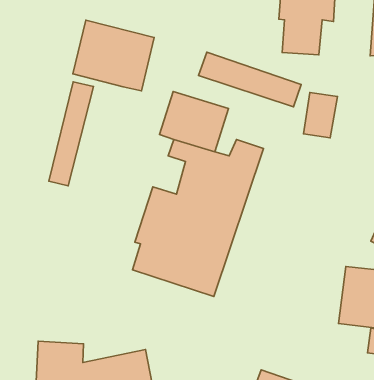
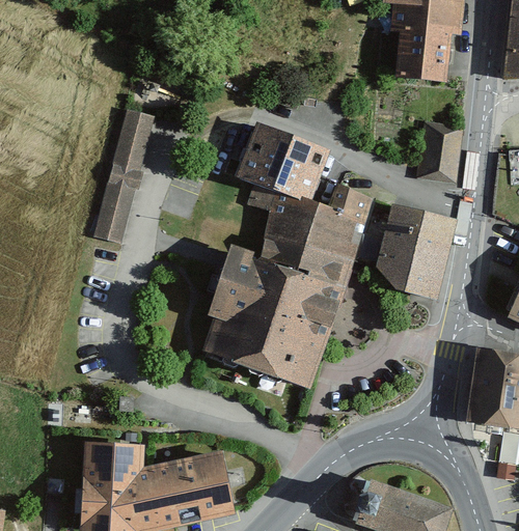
building: [73,20,154,91] -> none
building: [199,52,301,107] -> none
building: none -> [375,205,454,298]

